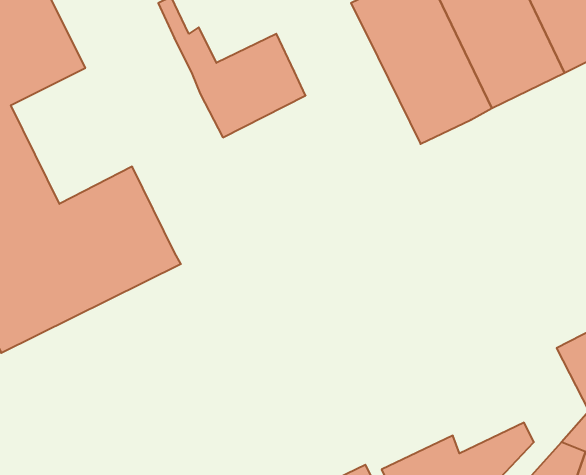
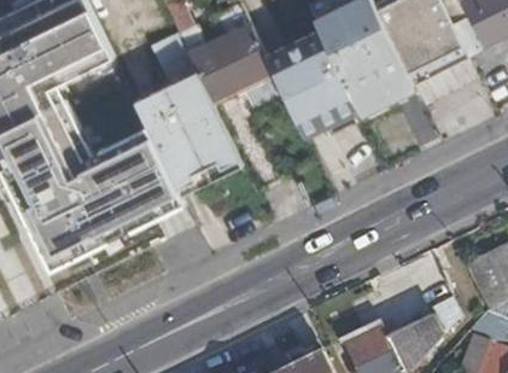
building: none -> [267,29,362,140]
building: none -> [135,31,240,191]

